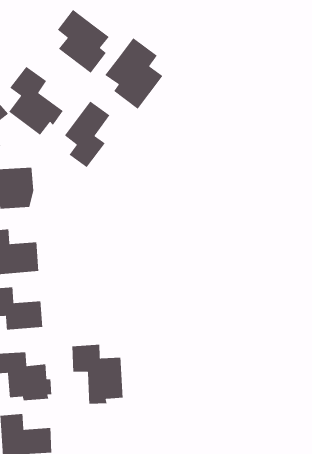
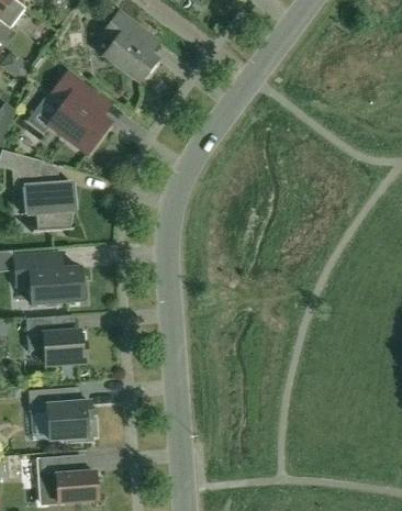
building: [104,37,164,110] -> none
building: [64,100,111,168] -> none
building: [72,344,123,405] -> none

